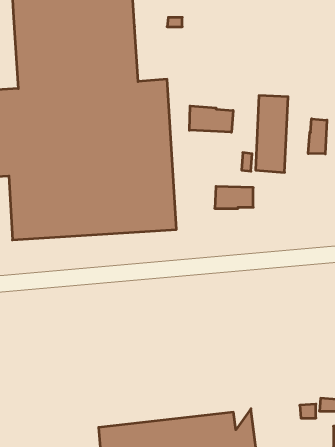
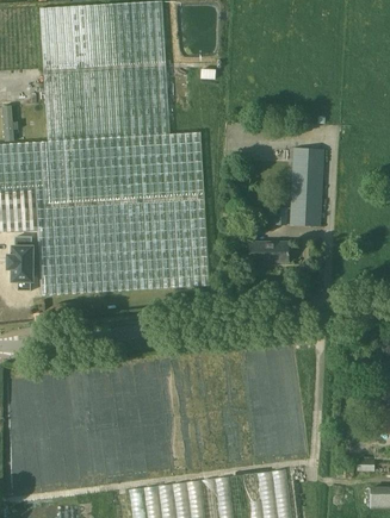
building: [189,106,233,132] -> none
building: [308,119,327,154] -> none

